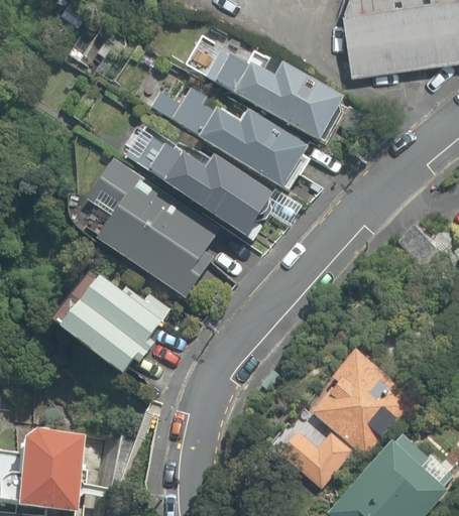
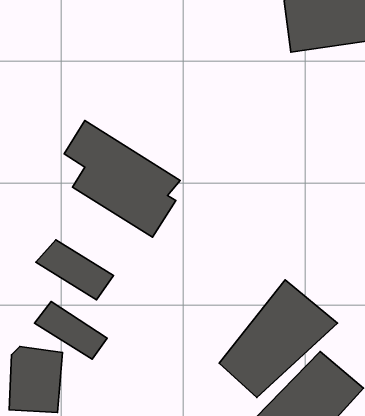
building: [212,56,350,144] -> none
building: [175,92,314,192] -> none
building: [131,126,278,234] -> none
building: [76,274,163,344] -> [35,302,107,359]

